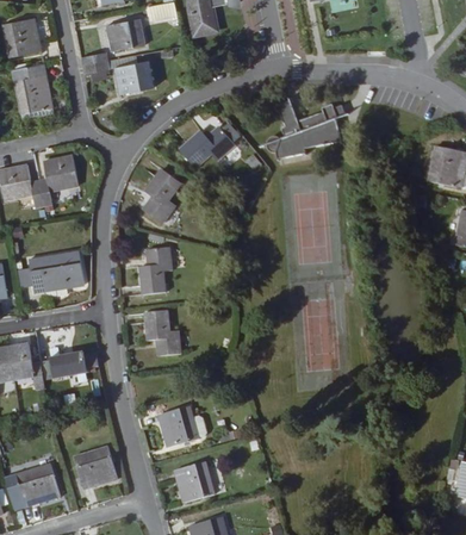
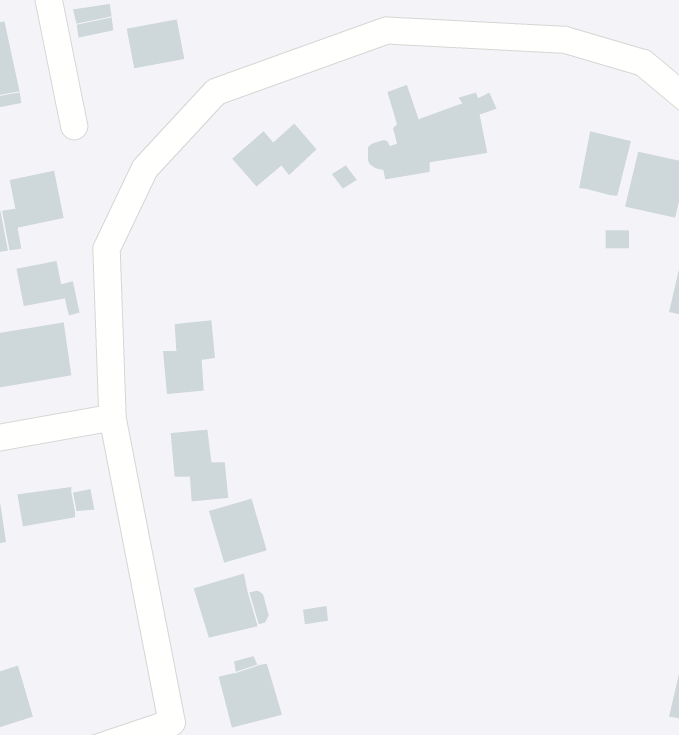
building: none -> [579,130,631,197]
building: [144,169,181,225] -> none
building: none -> [16,260,80,316]
building: none -> [208,498,268,564]
building: [73,446,118,489] -> none

